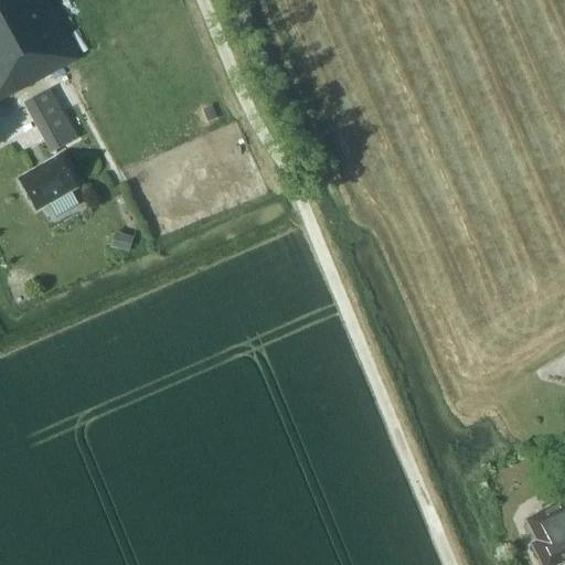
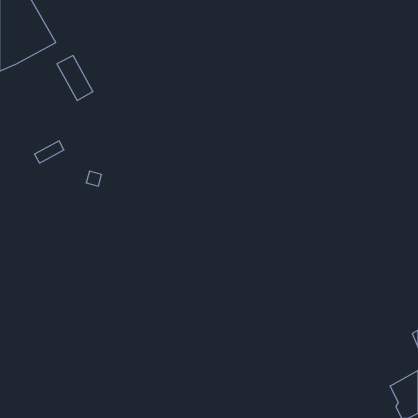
building: [25,89,74,150] -> [57,56,93,101]
building: [18,157,74,209] -> none

